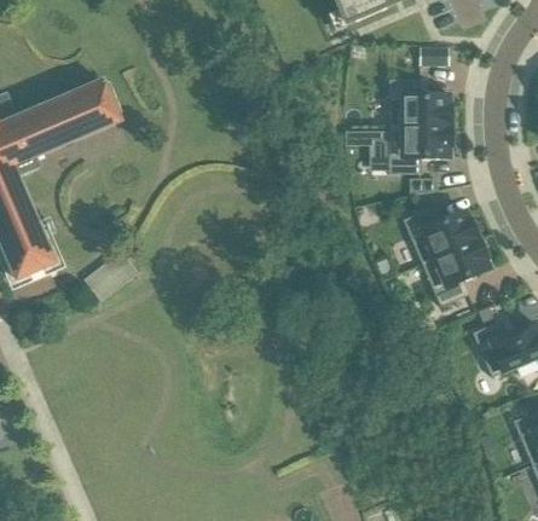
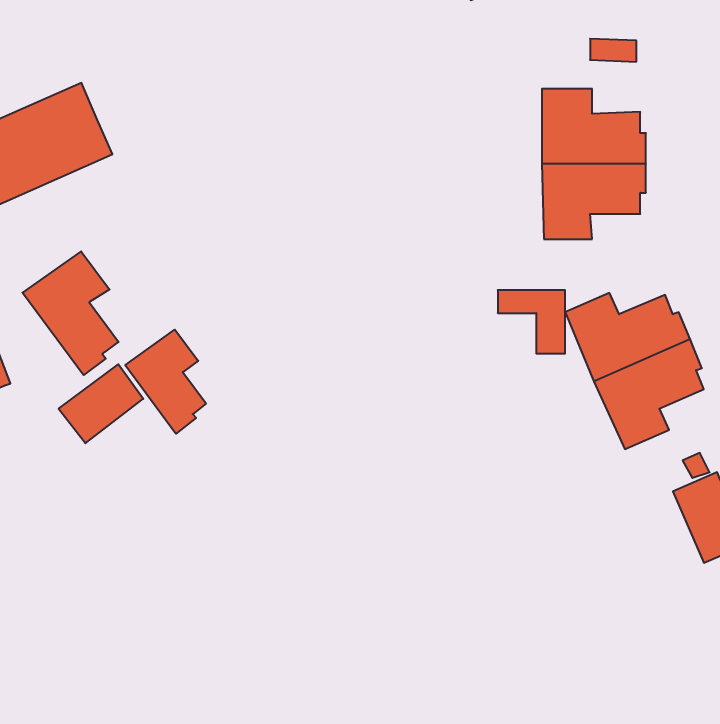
building: [347,131,389,170] -> [498,290,565,354]
building: none -> [22,251,119,375]
building: none -> [125,330,206,434]

